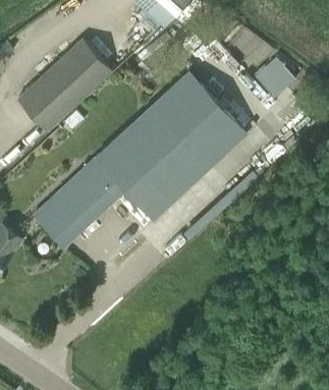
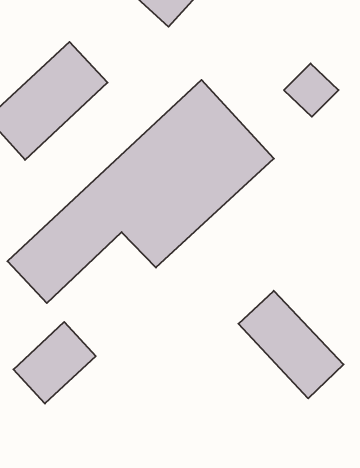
building: none -> [238,291,344,398]
building: none -> [13,322,96,404]

